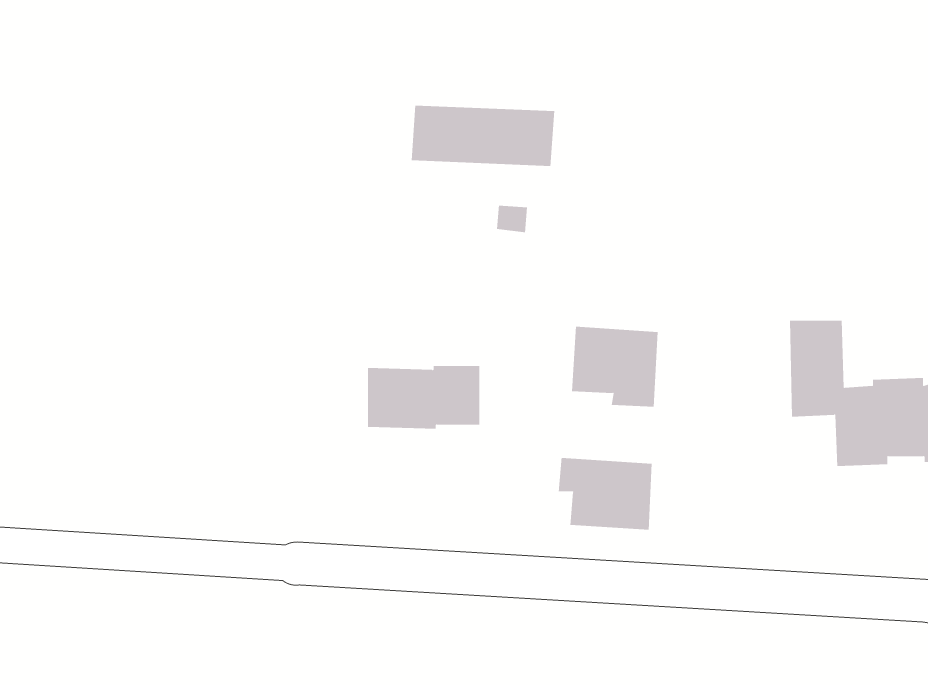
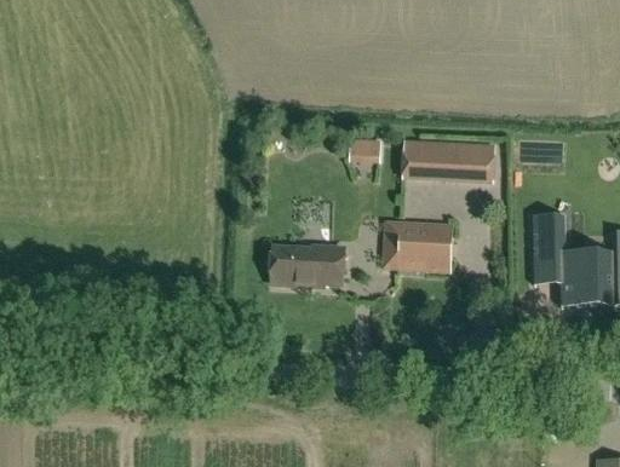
building: [411,105,555,166] -> [402,142,490,179]
building: [558,457,652,530] -> none

